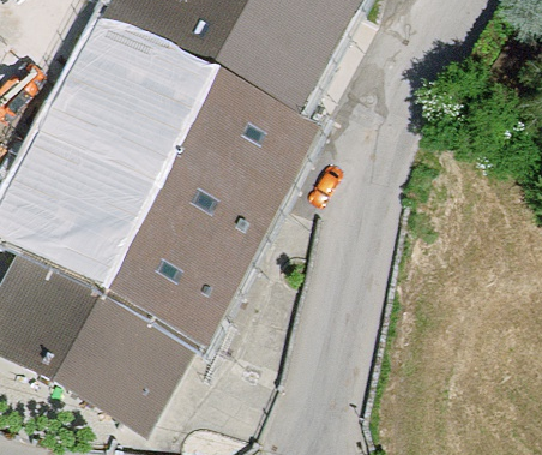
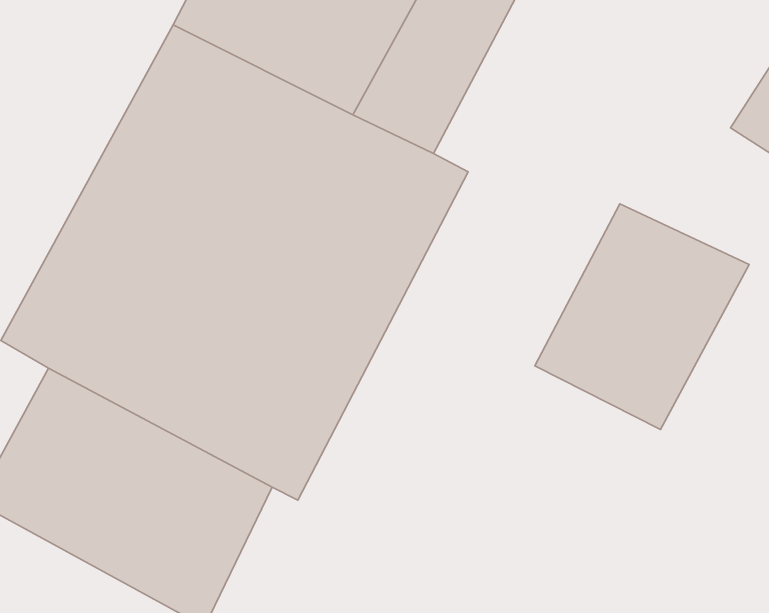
building: none -> [535,204,749,429]

